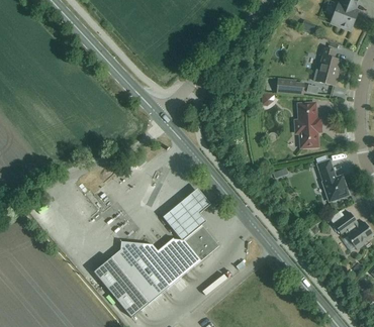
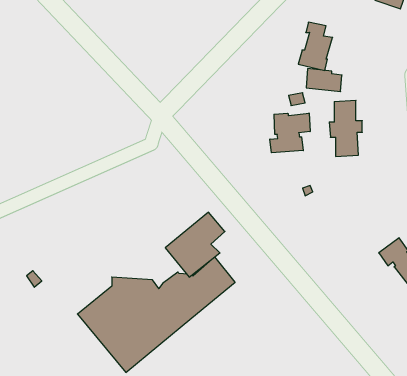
building: [312,47,340,86] -> [298,22,333,70]
building: none -> [270,113,310,153]
building: [316,160,348,202] -> none

